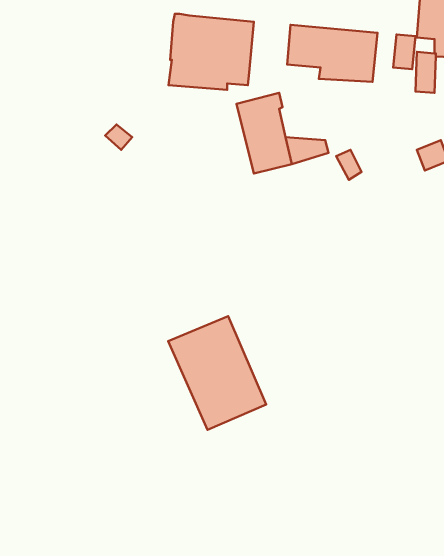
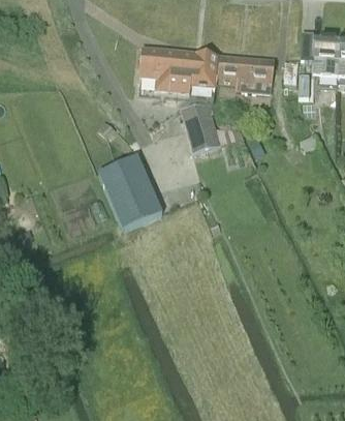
building: none -> [191,53,219,88]
building: [168,316,266,430] -> [99,155,163,230]

